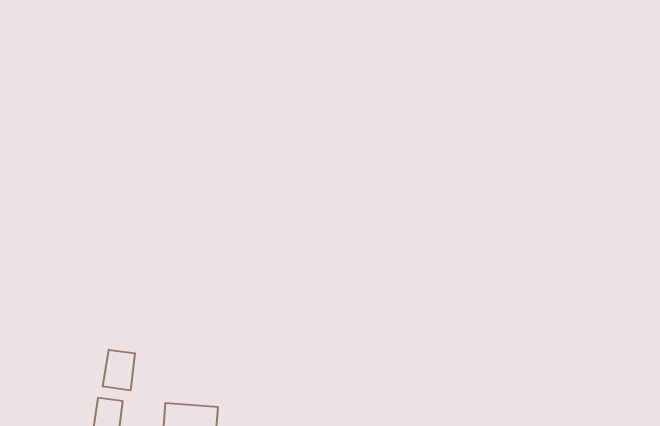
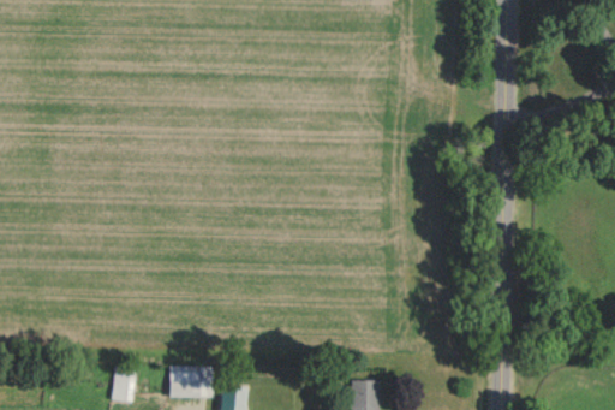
building: [103,350,135,390] -> none

